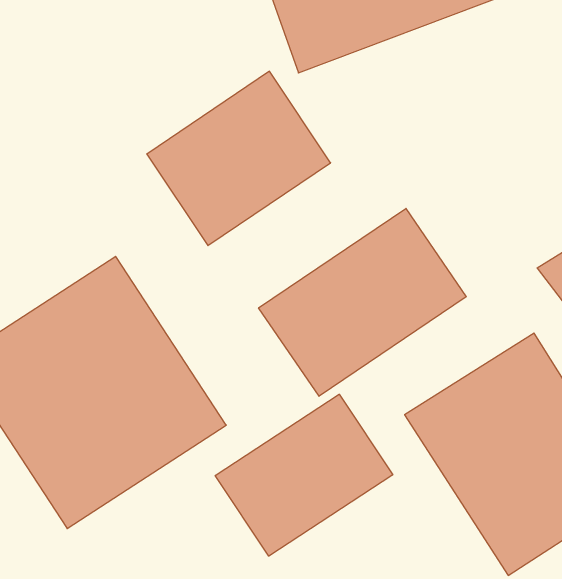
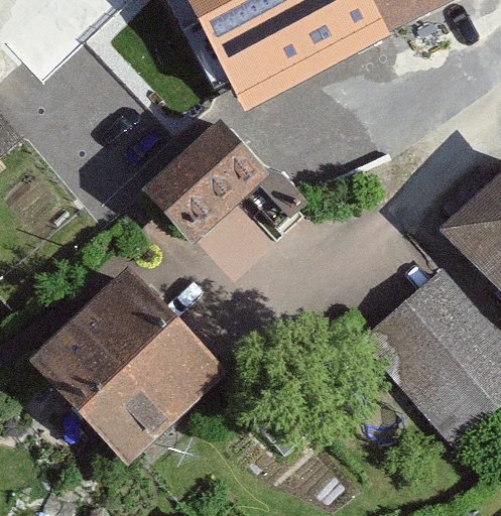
building: [259,208,466,396] -> none
building: [215,394,393,556] -> none

